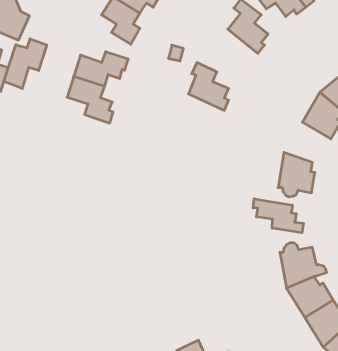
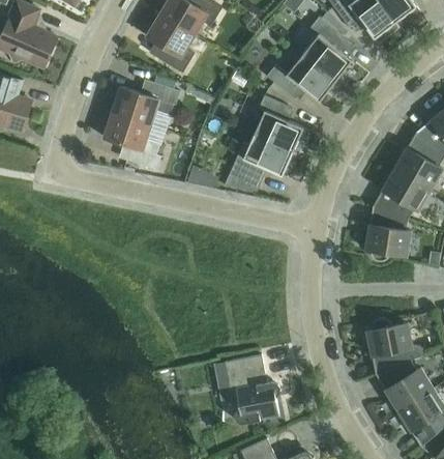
building: none -> [267,54,341,102]
building: [4,39,47,89] -> none
building: none -> [225,134,299,192]
building: none -> [373,169,431,219]
building: [253,199,304,233] -> none
building: none -> [213,354,283,423]

